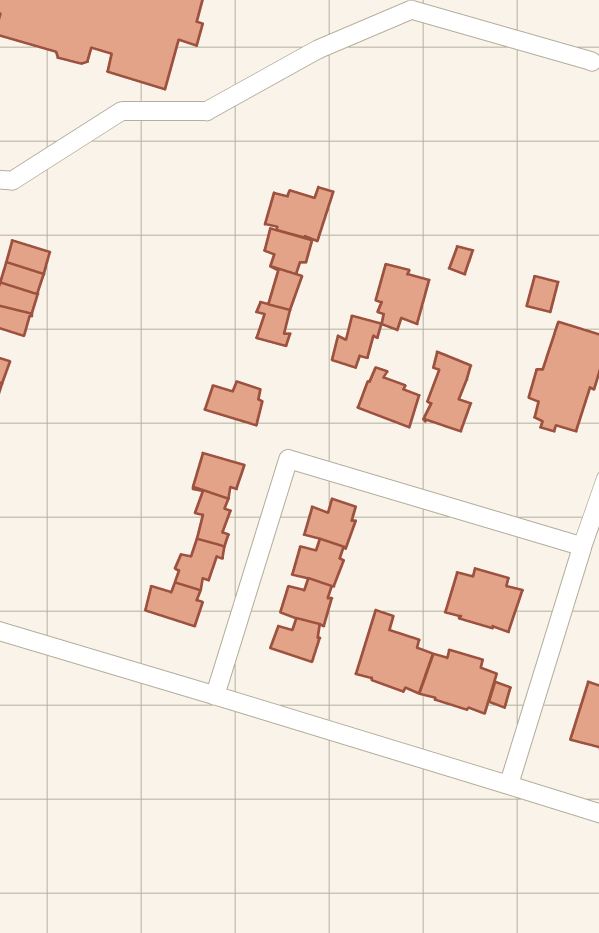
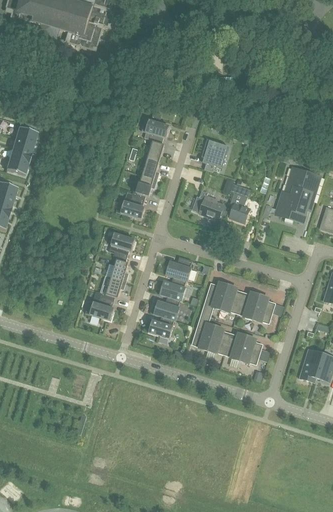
building: [265,187,333,241] -> none
building: [332,316,382,368] -> [131,174,156,200]
building: none -> [201,280,242,314]

